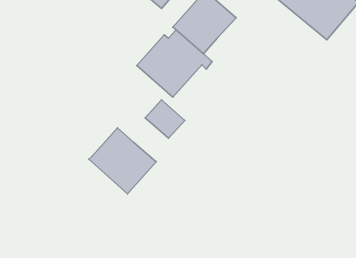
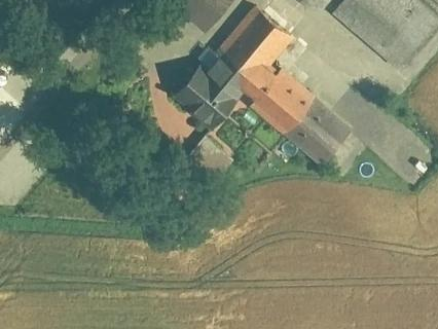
building: none -> [249,64,351,168]
building: [89,128,156,194] -> none

